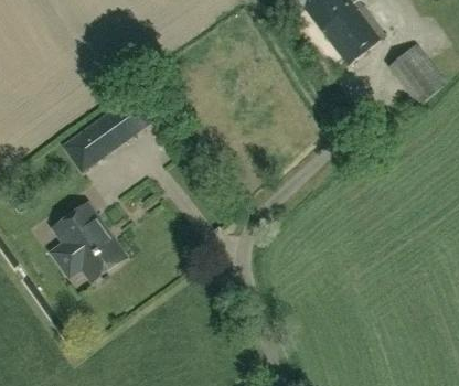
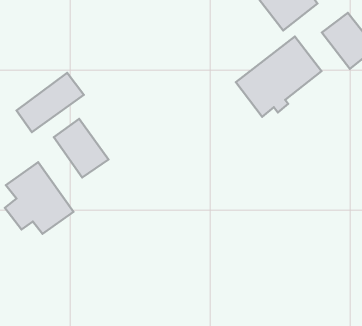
building: none -> [236,36,321,117]
building: none -> [54,119,108,178]

